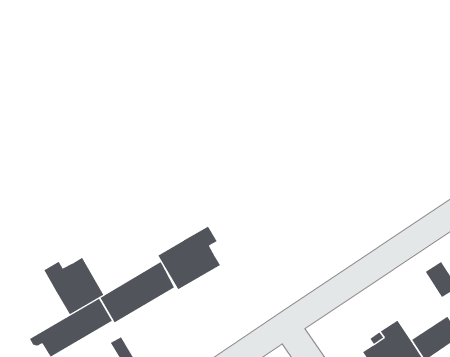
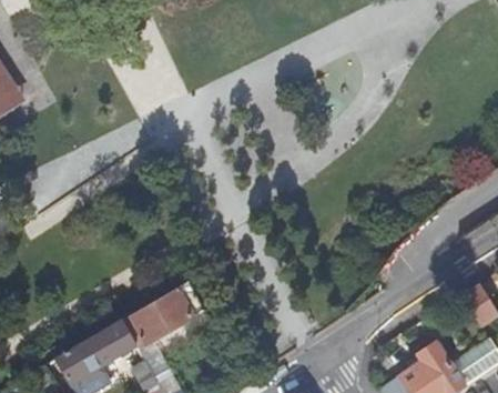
building: [158,226,221,290] -> none
building: [44,257,104,315] -> none

